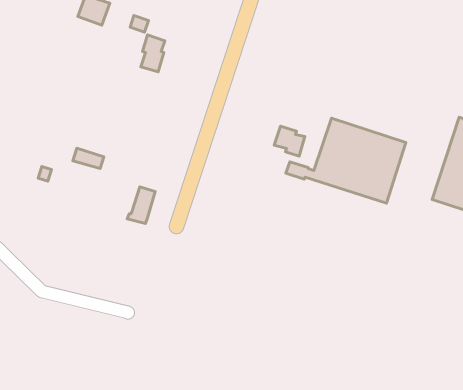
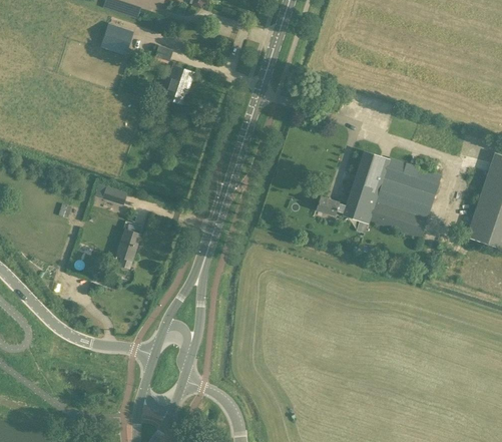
building: [274,126,305,156] -> none
building: [127,187,155,224] -> [112,228,141,266]

